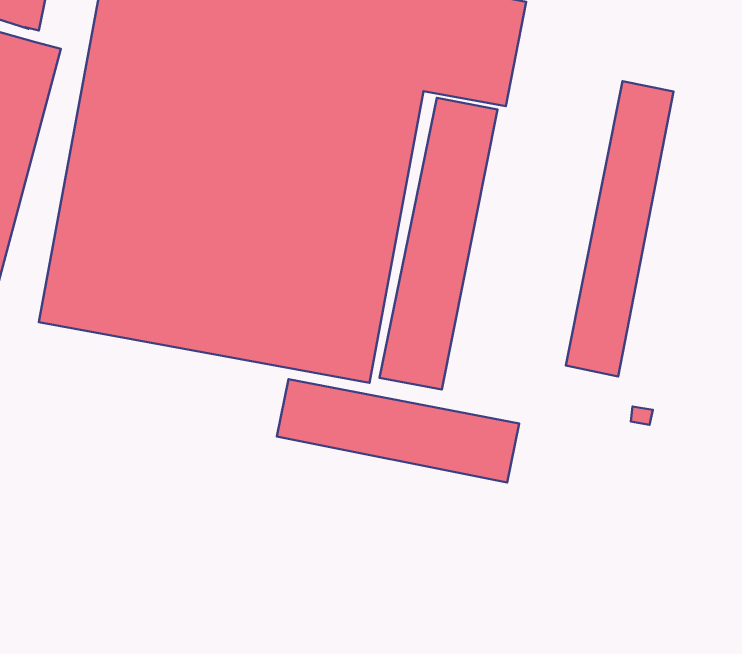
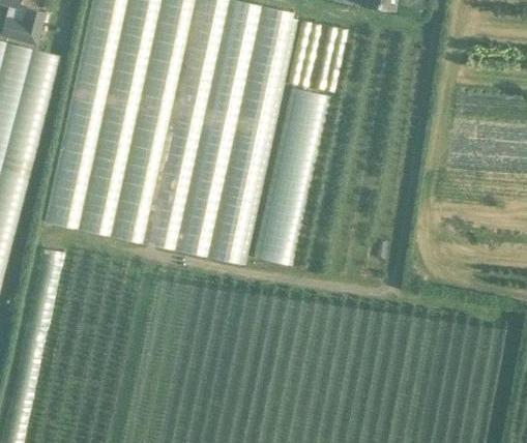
building: [566,81,673,376] -> none
building: [277,379,519,482] -> none

